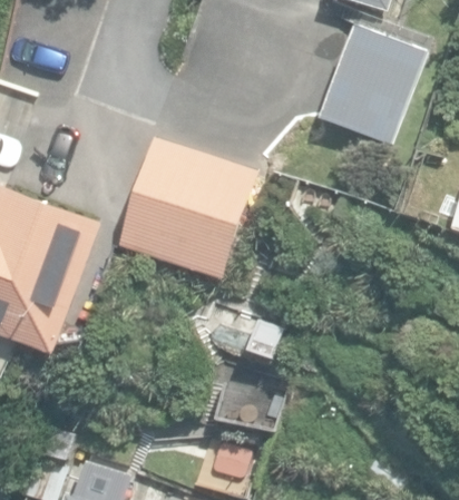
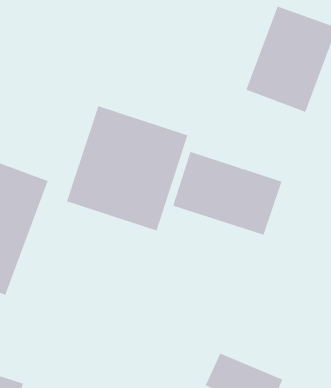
building: none -> [173,151,282,236]

